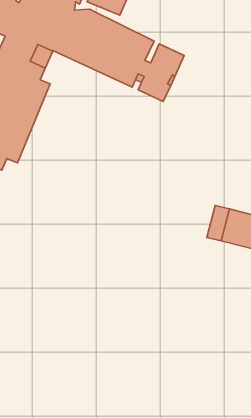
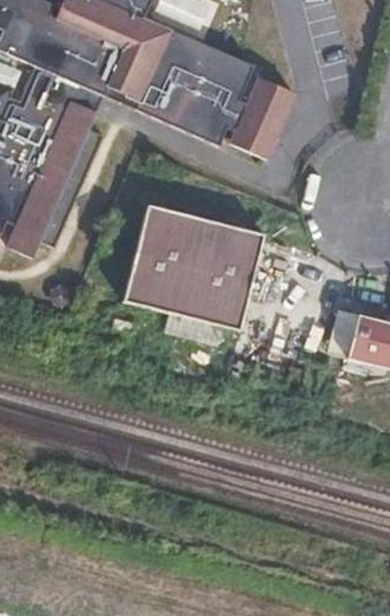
building: none -> [122,203,262,330]

